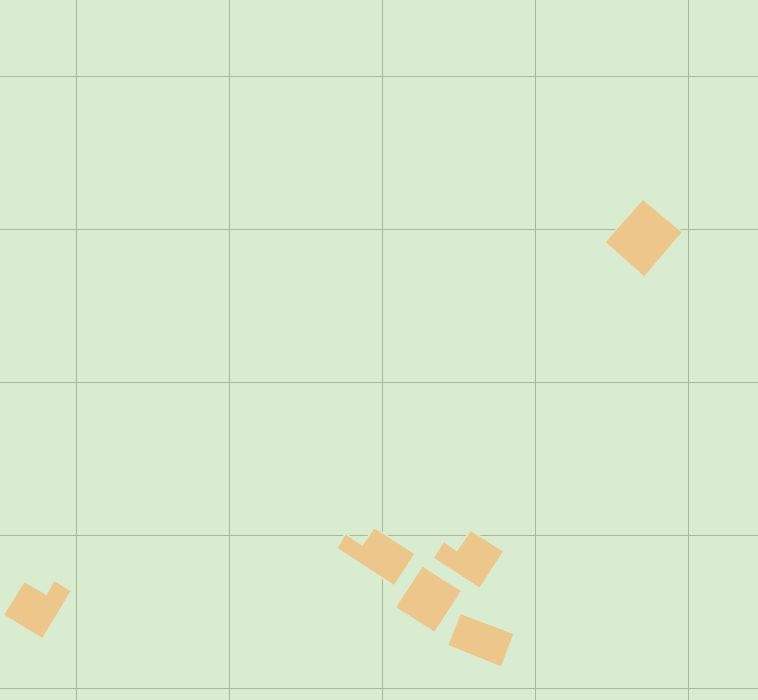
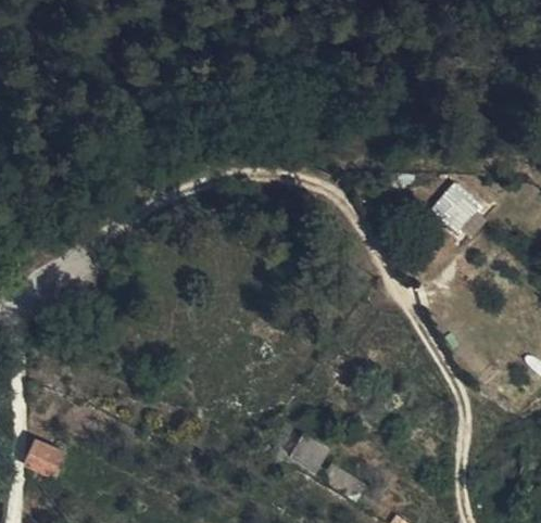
building: [337,527,415,586] -> none
building: [433,530,504,588] -> none

